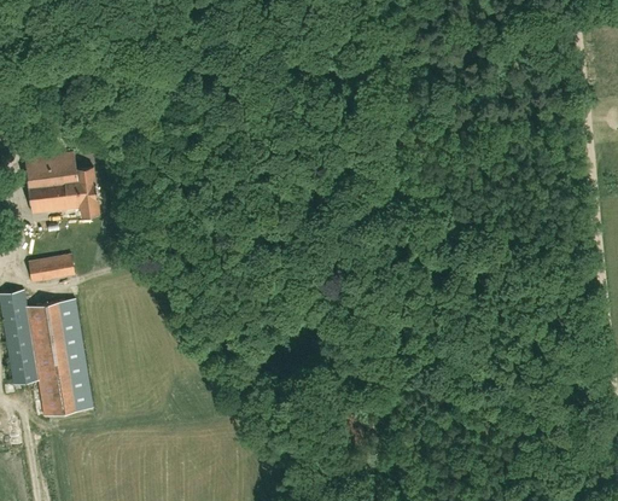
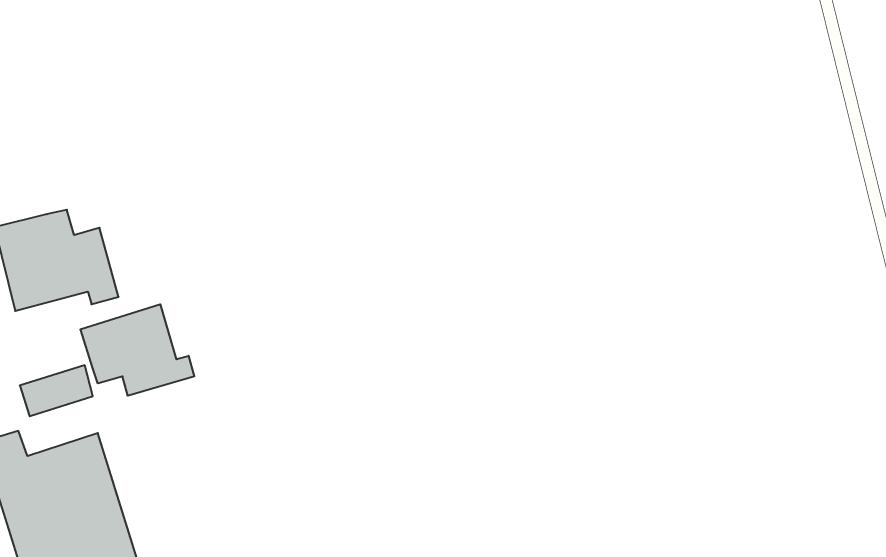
building: none -> [80,304,194,396]

